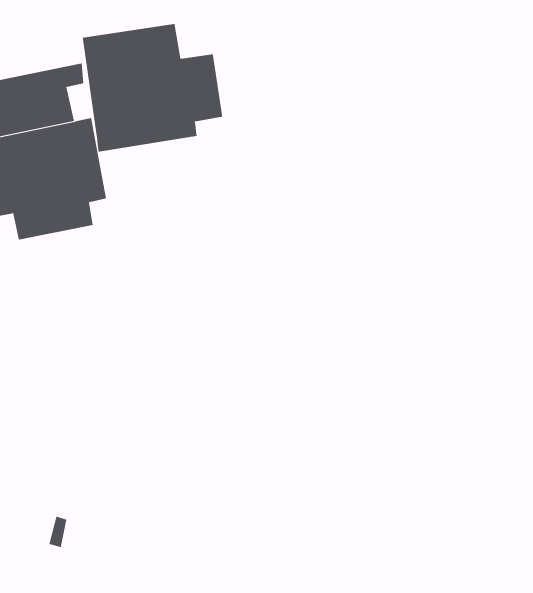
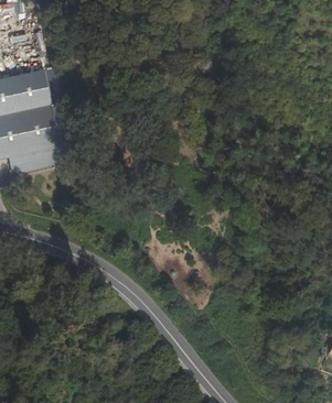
building: [82,23,223,152] -> none

